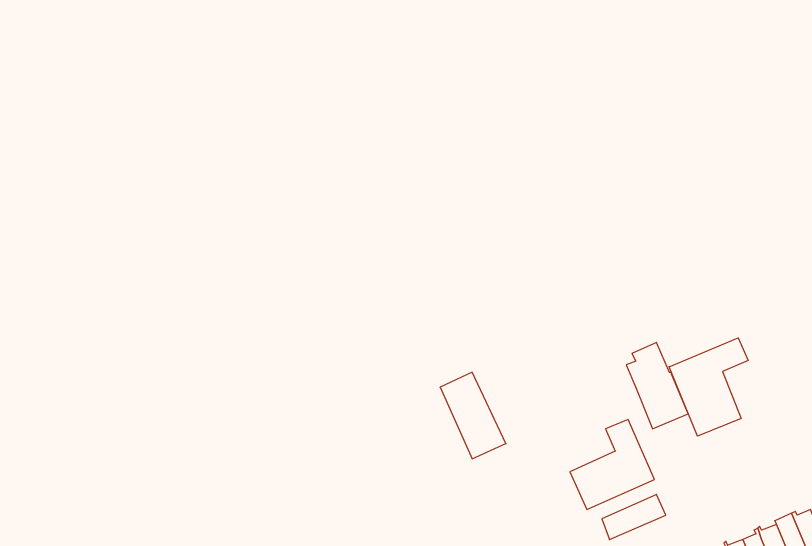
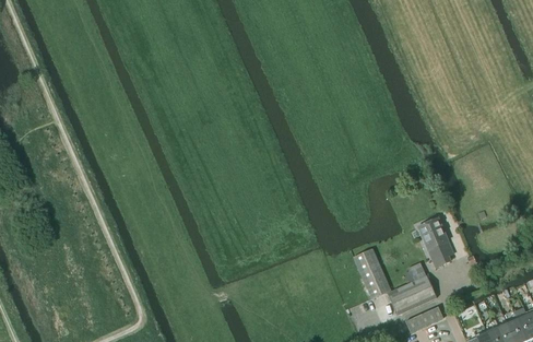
building: [669,338,748,436] -> none
building: [440,372,506,459] -> [354,248,392,298]

